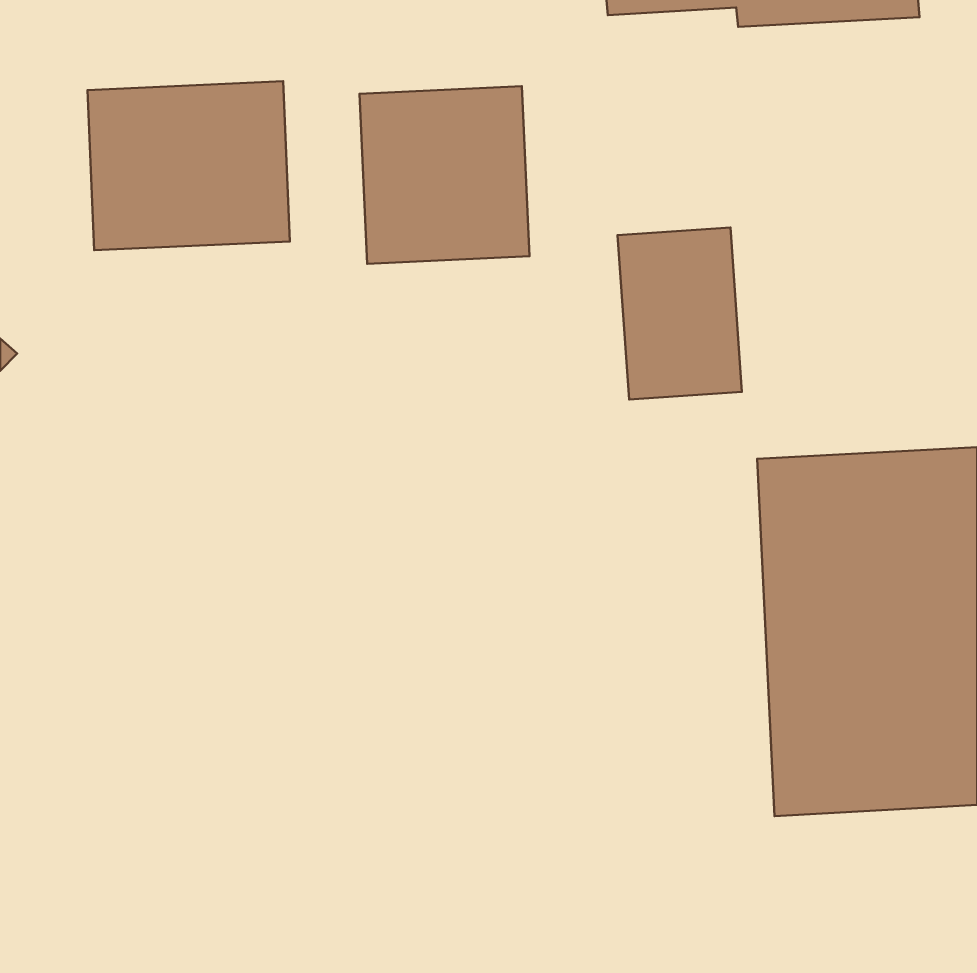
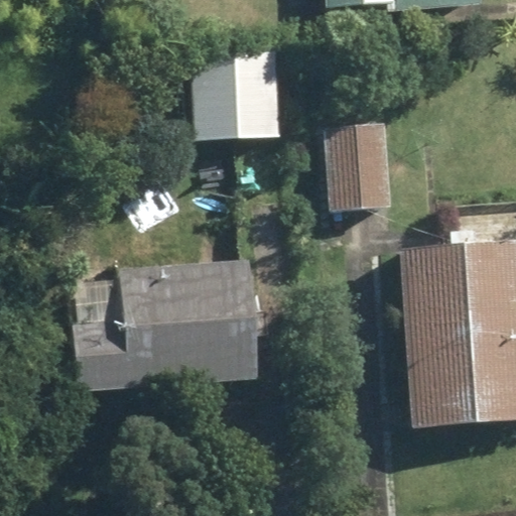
building: [87,81,290,250] -> none
building: none -> [71,260,260,387]

